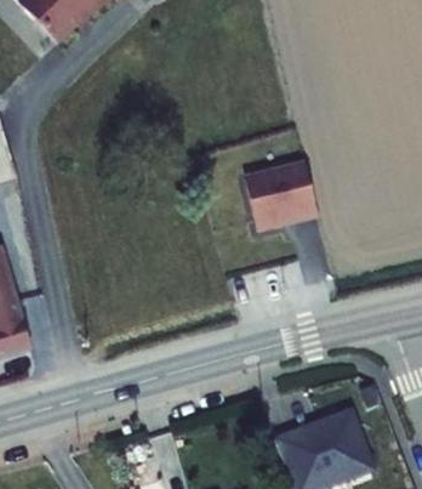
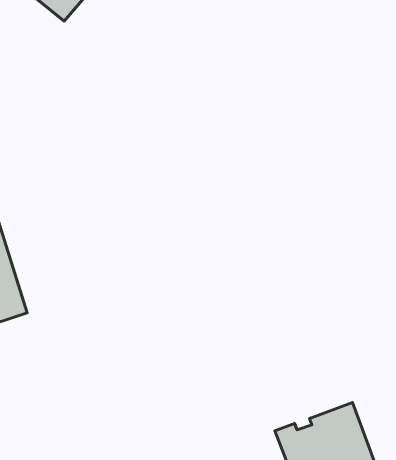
building: [251,152,319,221] -> none

